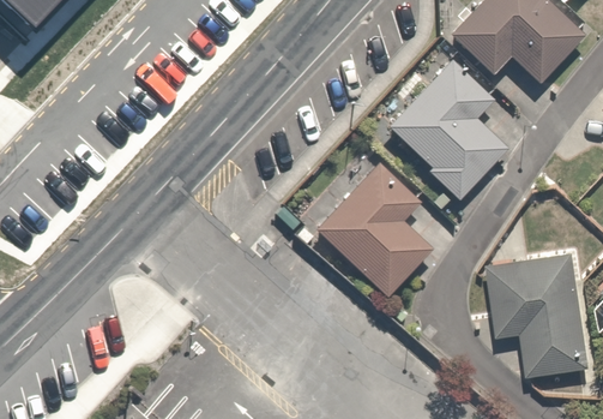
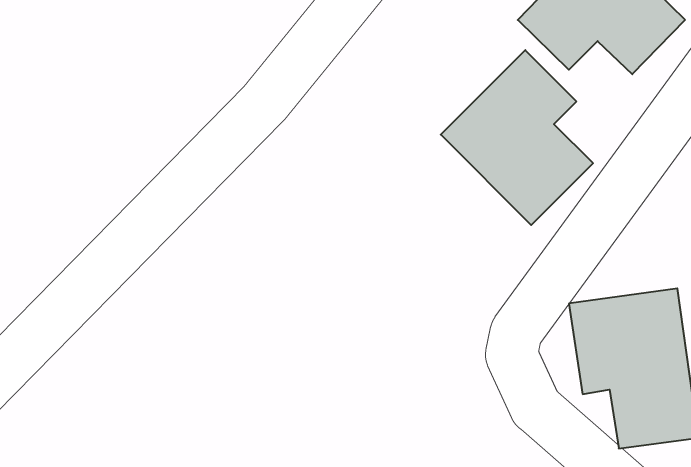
building: [319,169,436,300] -> none

